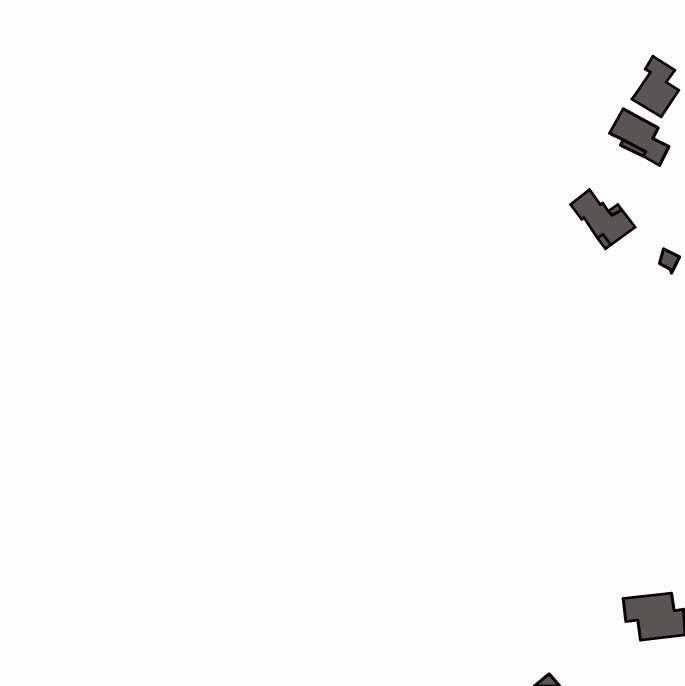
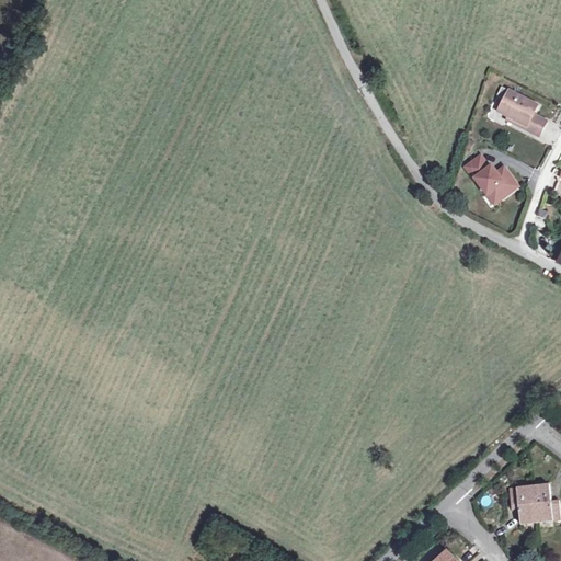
building: [632,56,679,117] -> none

